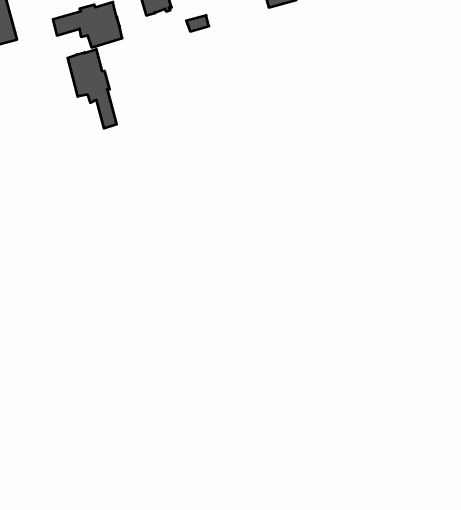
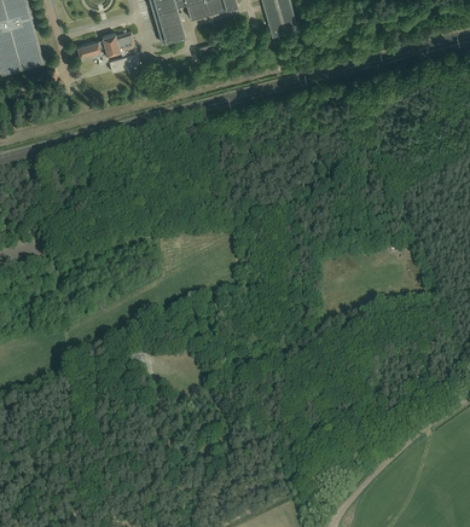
building: [68,49,117,128] -> none

